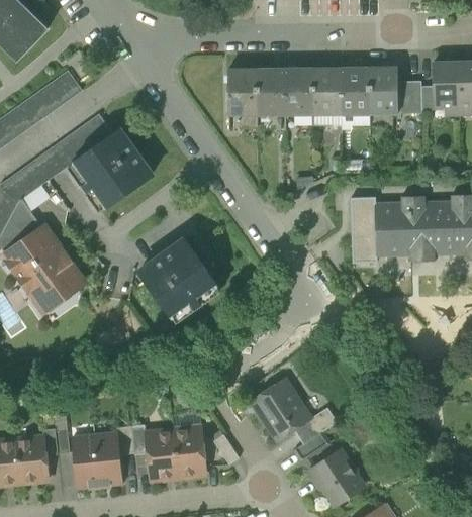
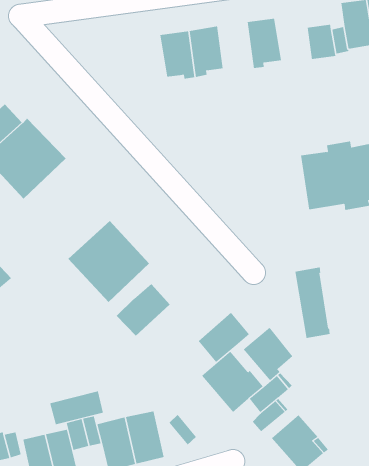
building: [369,67,398,112] -> none
building: [313,68,342,113] -> none
building: [228,69,258,114] -> none
building: [351,196,377,263] -> [295,267,331,339]
building: none -> [116,283,171,337]
building: none -> [198,312,250,363]
building: none -> [243,327,293,381]
building: none -> [49,390,103,425]

